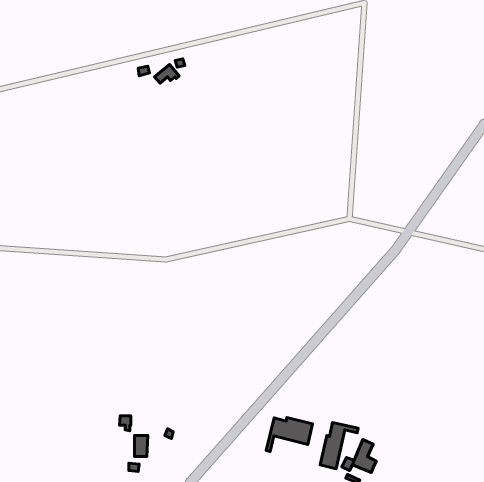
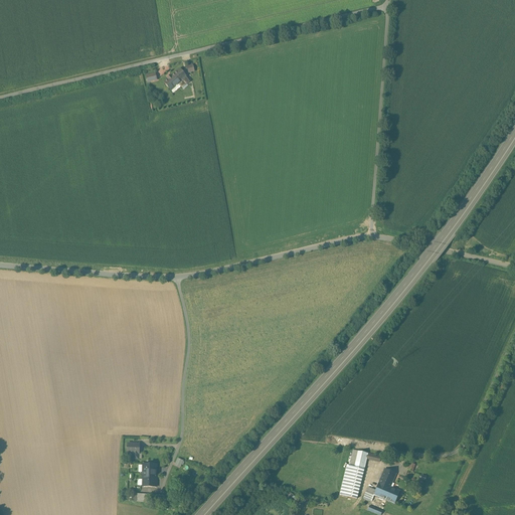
building: [266,418,313,452] -> none

